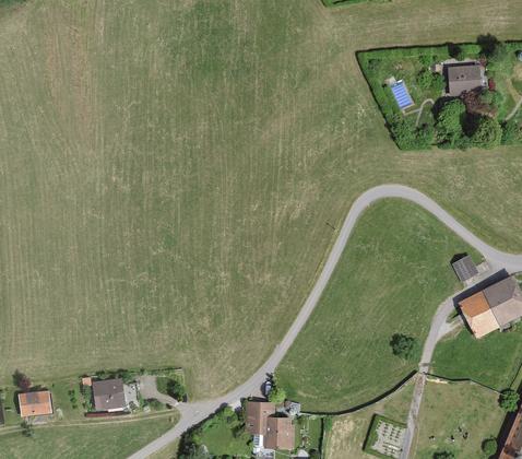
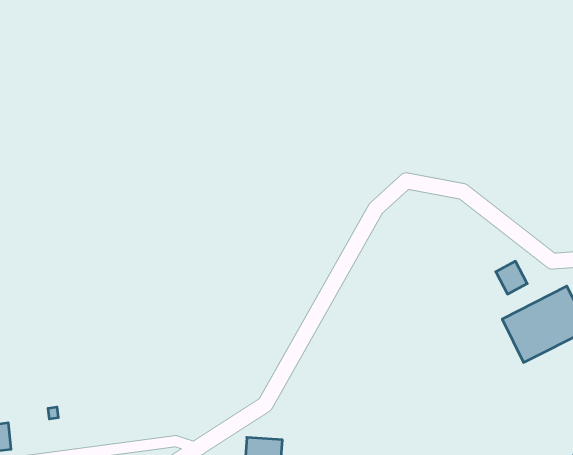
building: [450,66,479,93] -> none
building: [93,379,123,409] -> none

